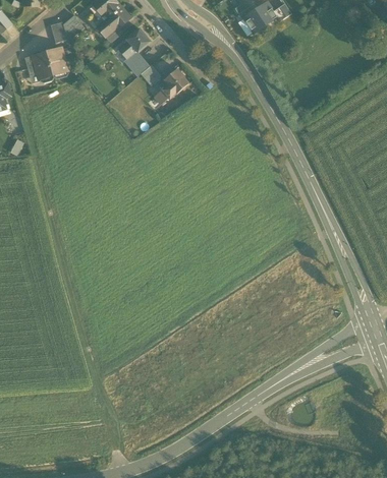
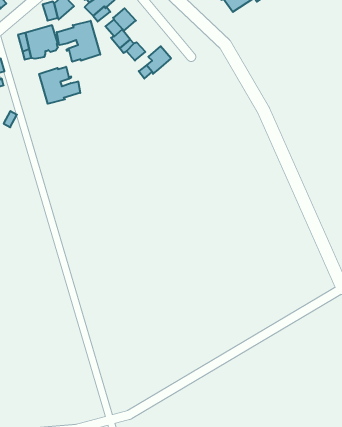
building: none -> [57,21,100,62]
building: none -> [39,67,80,104]

